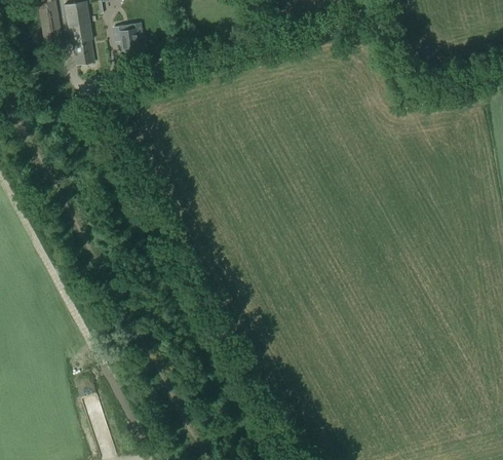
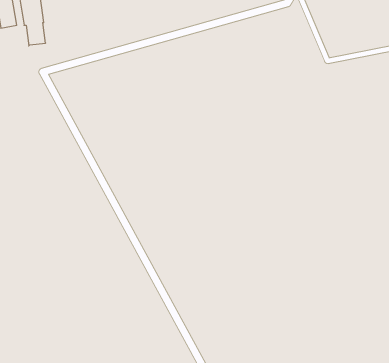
building: [114,24,143,50] -> none

